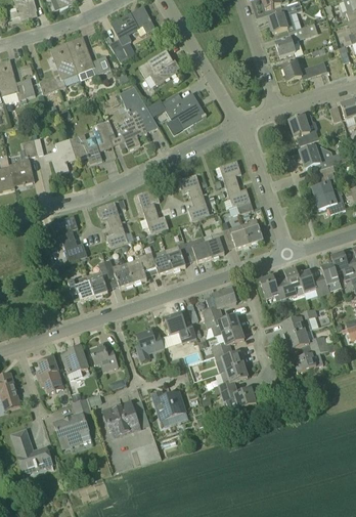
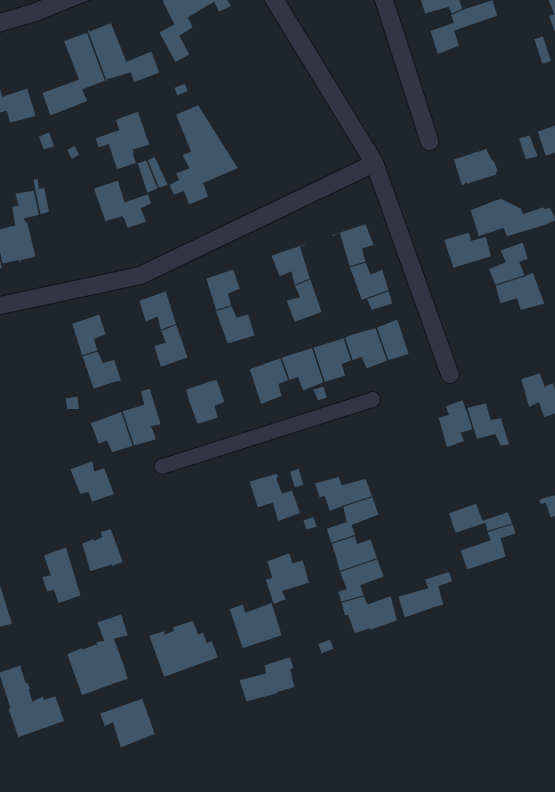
building: [138,49,178,84] -> none
building: [282,60,327,81] -> none
building: [162,91,207,128] -> none
building: [43,138,77,174] -> [95,111,150,170]
building: none -> [444,232,491,269]
building: [145,249,172,274] -> none
building: [104,258,133,288] -> none
building: [319,261,341,295] -> none
building: [260,274,285,299] -> none
building: [203,289,236,318] -> none
building: [282,308,316,337] -> [397,571,453,618]
building: [136,329,164,360] -> [265,553,310,605]
building: [90,345,118,371] -> [70,461,115,503]
building: none -> [239,656,295,702]
building: none -> [100,698,155,748]

